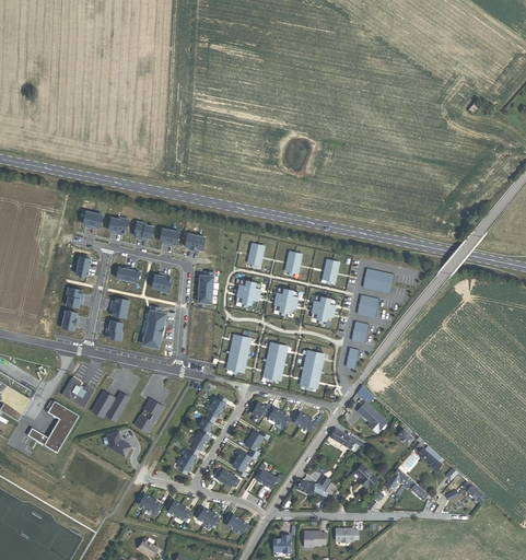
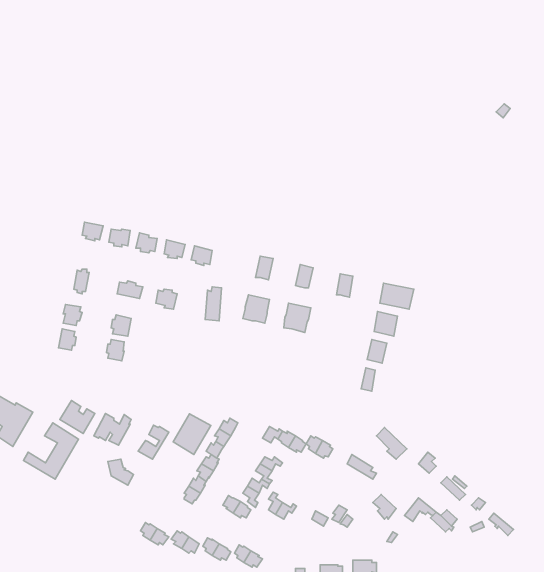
building: [308,296,334,323] -> none
building: [142,306,164,349] -> none
building: [224,335,248,373] -> none
building: [260,343,284,381] -> none
building: [297,351,322,388] -> none
building: none -> [173,414,211,454]

